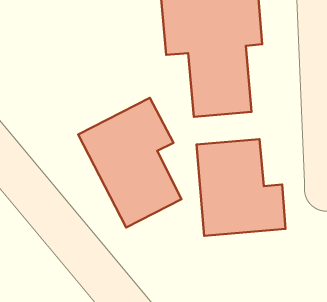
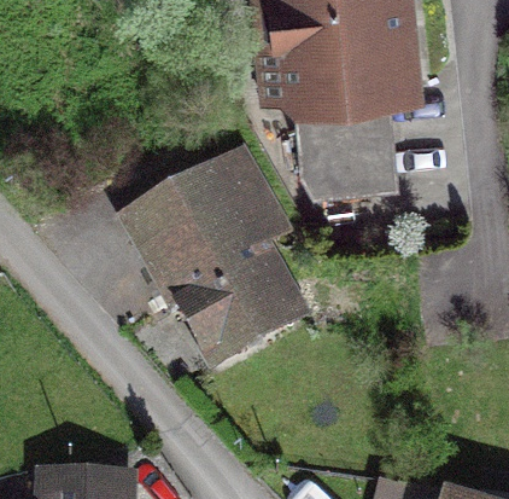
building: [197,139,286,236] -> none

